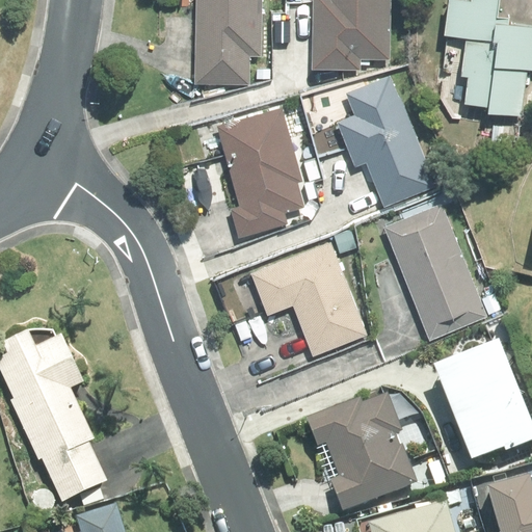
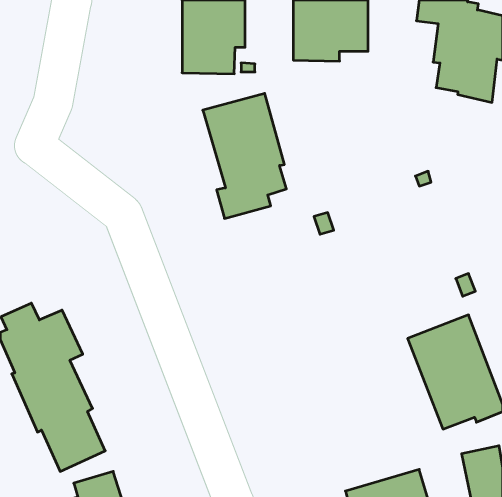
building: [336,73,433,208] -> none
building: [382,201,487,342] -> none
building: [248,239,366,355] -> none
building: [307,396,417,513] -> none

